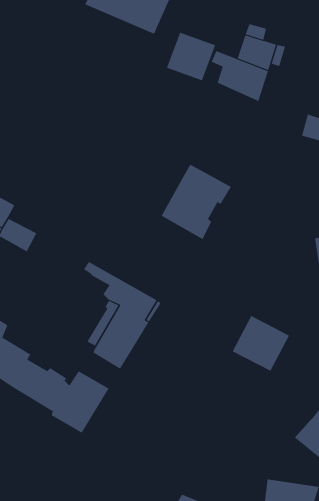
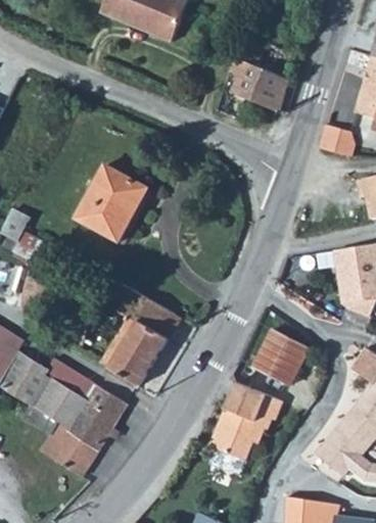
building: [166,32,216,81] -> none
building: [161,164,232,240] -> [76,163,148,241]
building: none -> [208,382,283,460]
building: none -> [21,403,98,475]

